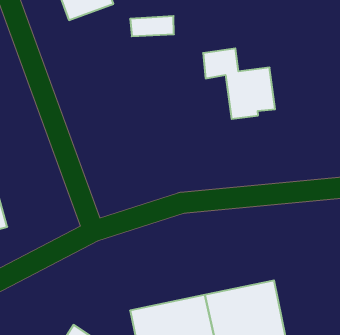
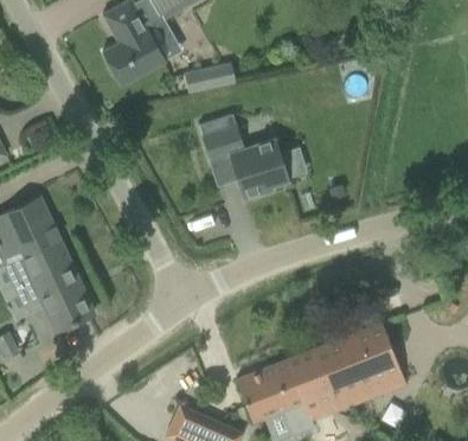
building: [203,48,275,119] -> [204,124,289,199]

